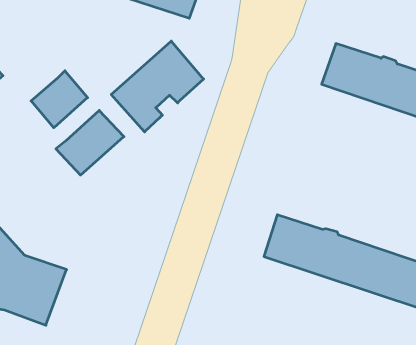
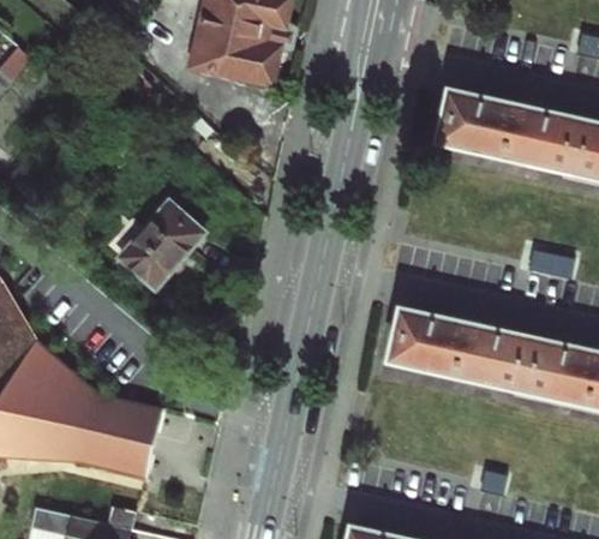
building: [111,41,204,132] -> none
building: [31,71,88,128] -> none

